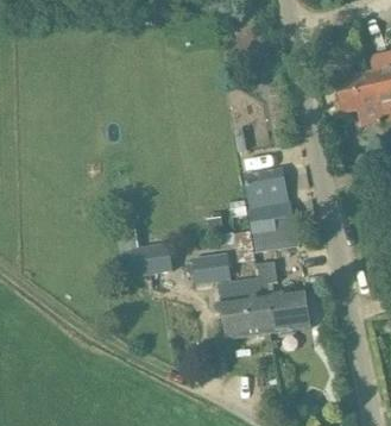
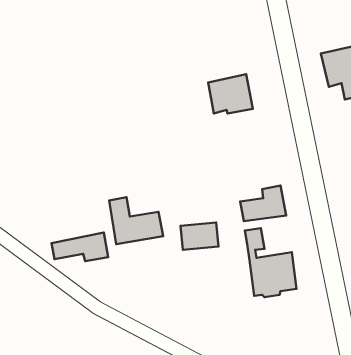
building: [242,165,289,206] -> [208,74,253,113]
building: none -> [52,232,108,261]
building: [217,277,266,336] -> none

